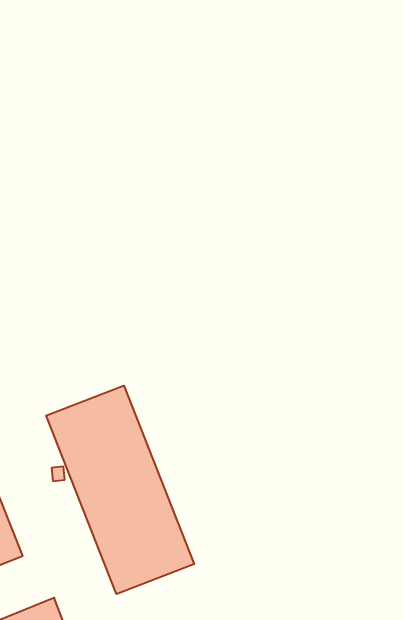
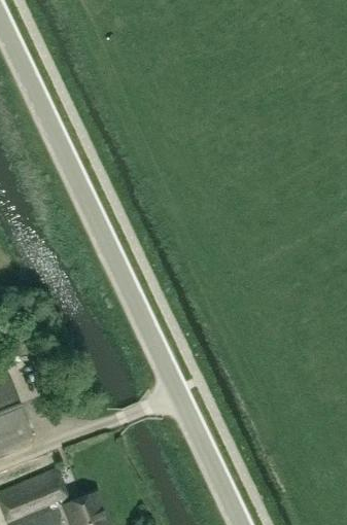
building: [46,386,194,594] -> none

